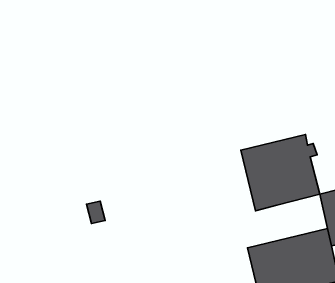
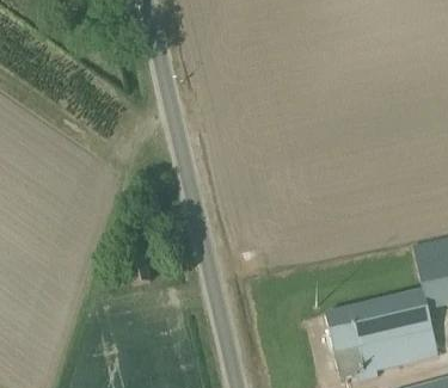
building: [241,134,320,211] -> none

